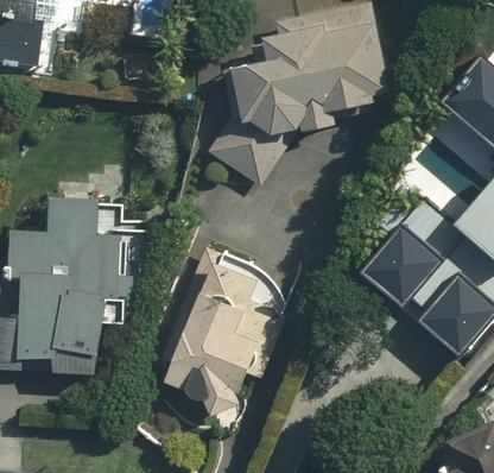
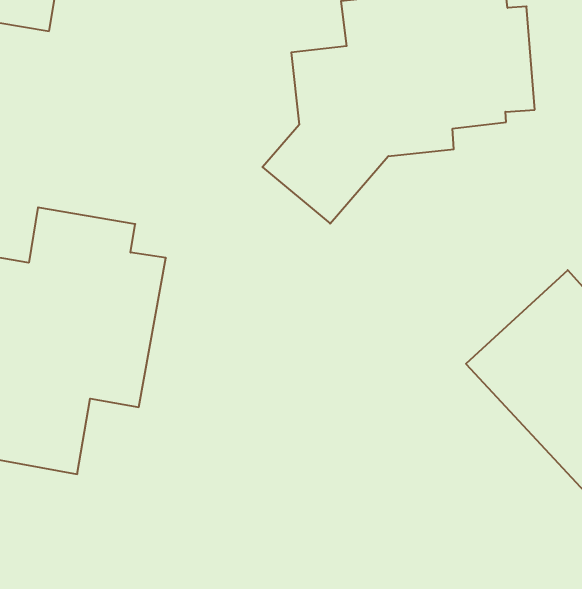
building: [147,250,280,414] -> none

